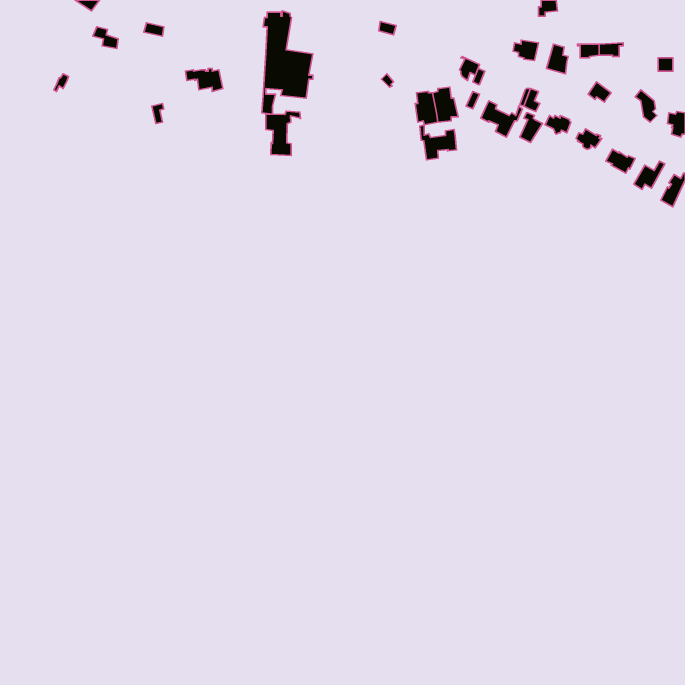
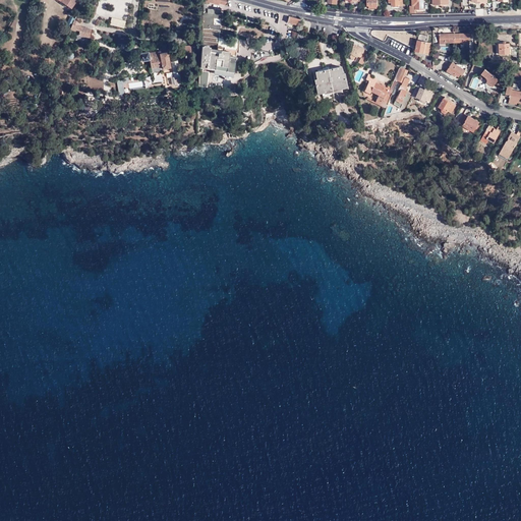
building: [266,111,300,155] -> none
building: [420,125,457,160] -> none

